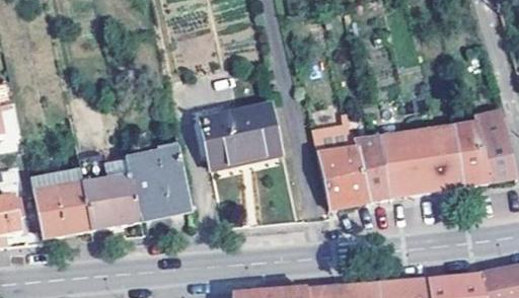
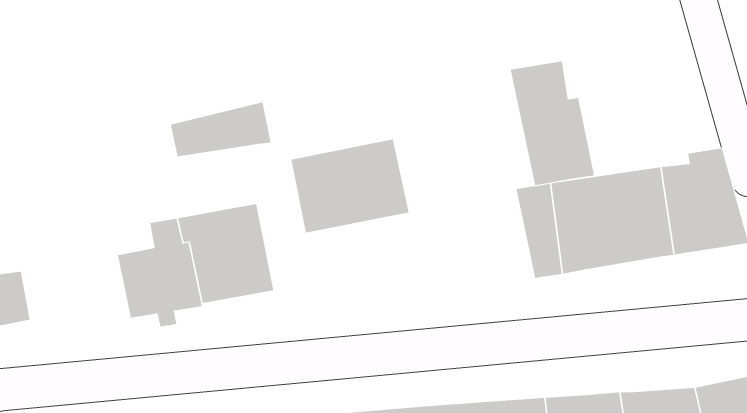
building: none -> [170,101,271,157]
building: [311,121,370,207] -> [510,61,595,186]
building: [30,166,91,236] -> none

